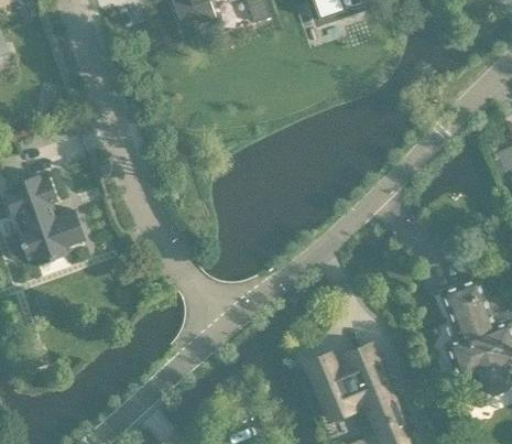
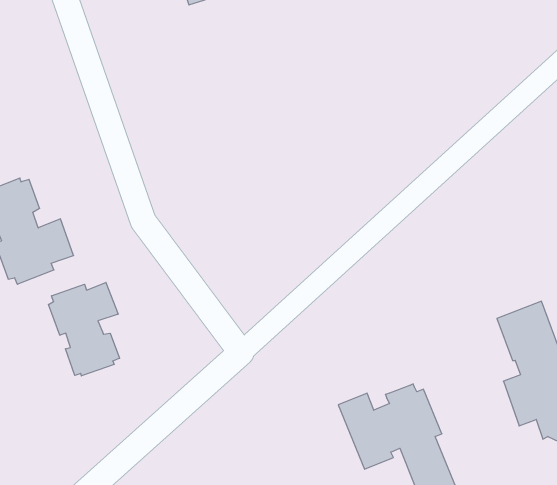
building: none -> [49,282,120,376]

